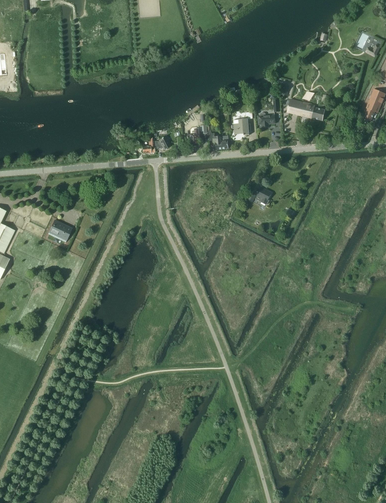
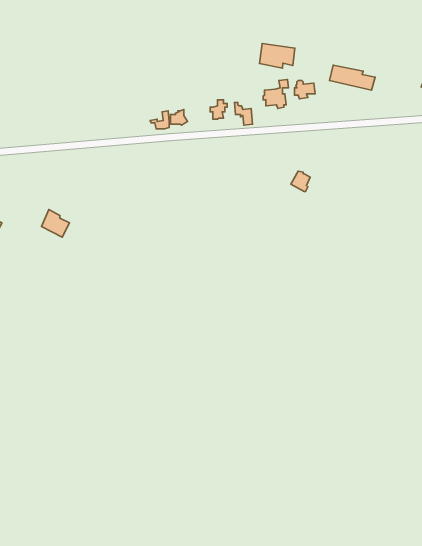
building: none -> [259,43,295,68]

